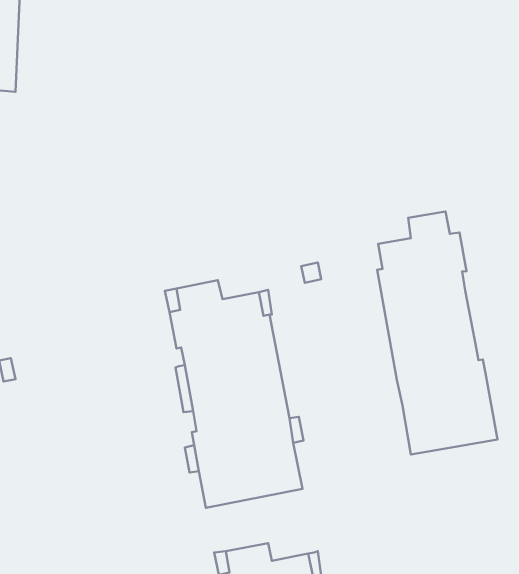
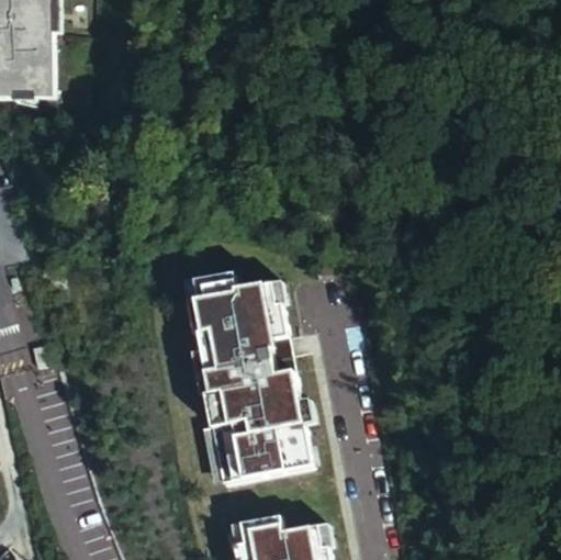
building: [377,211,497,455] -> none

